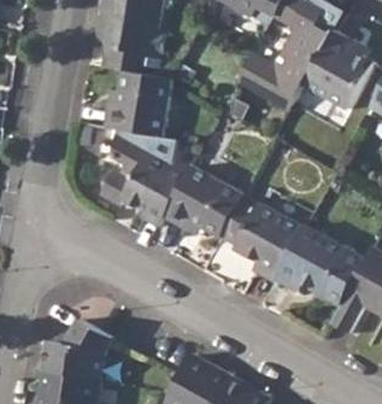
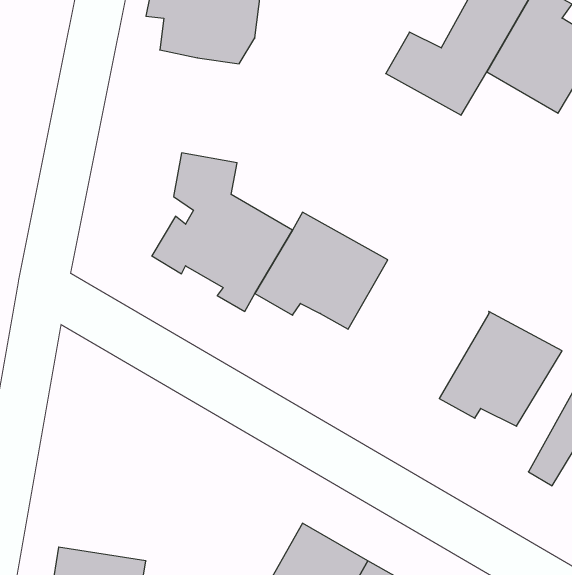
building: [105,70,172,136] -> none
building: [217,191,302,280] -> none
building: [41,317,106,376] -> none

